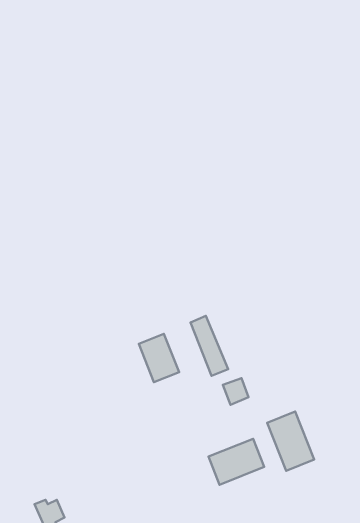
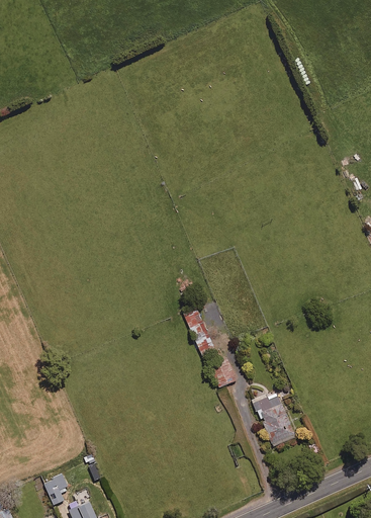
building: [139,334,179,382] -> none
building: [209,439,264,485] -> none

